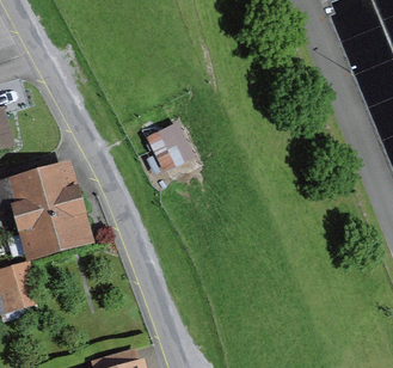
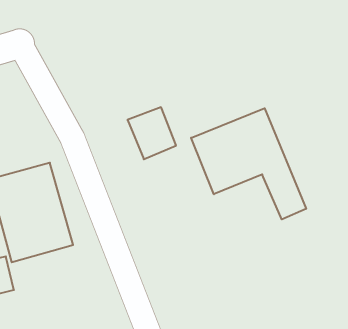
building: none -> [191,108,306,219]

